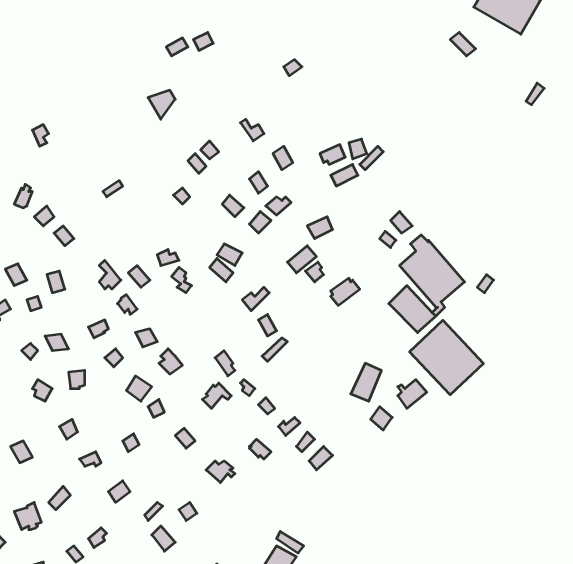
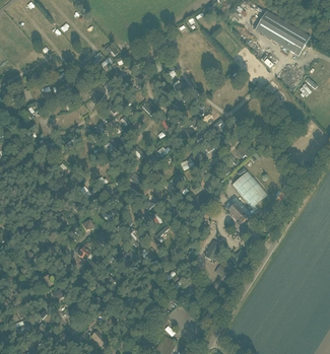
building: [410,320,483,395] -> none

